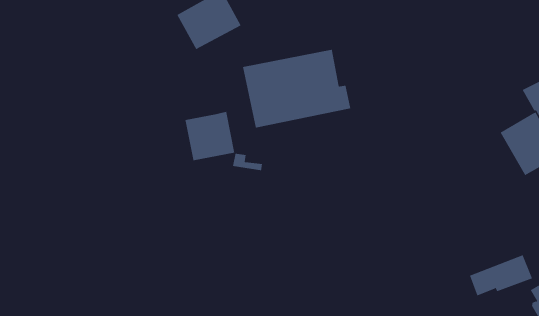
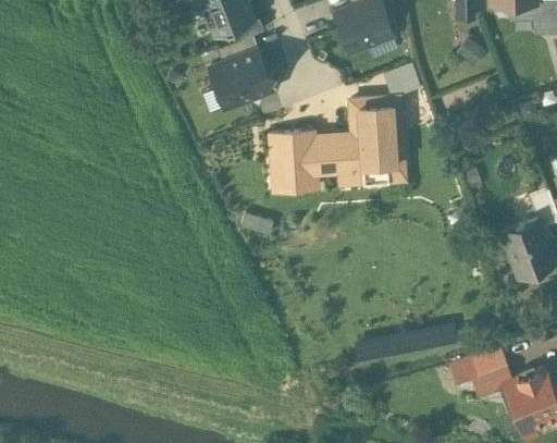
building: none -> [352,100,398,165]
building: [185,111,235,161] -> none

